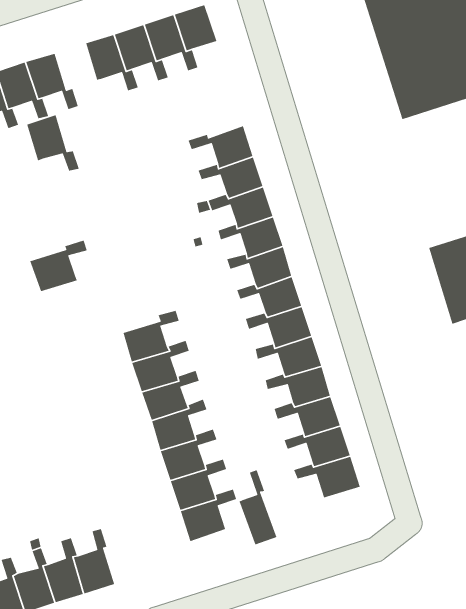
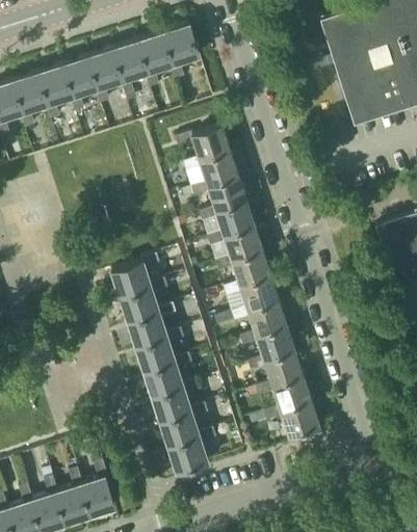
building: [26,114,80,172] -> [64,58,109,106]
building: [29,240,88,292] -> [111,256,160,299]
building: [239,469,278,545] -> none

